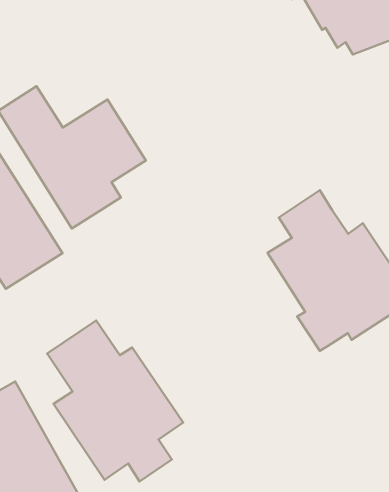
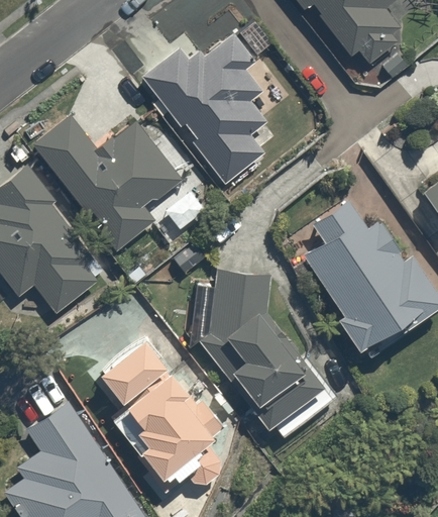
building: none -> [142,33,292,187]
building: none -> [200,270,336,438]

